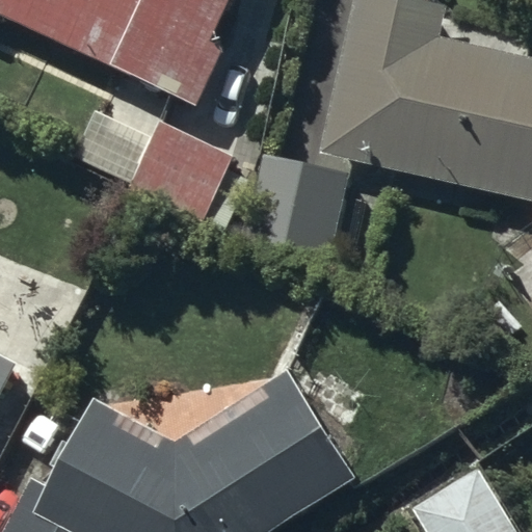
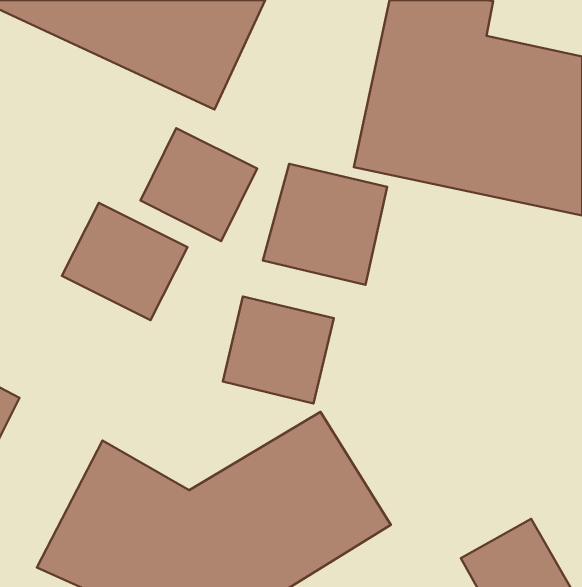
building: none -> [62,203,188,320]
building: none -> [223,296,334,403]

